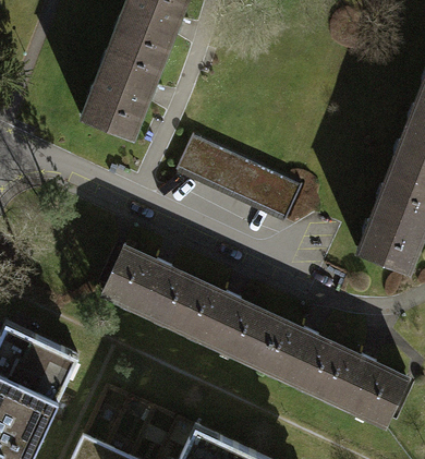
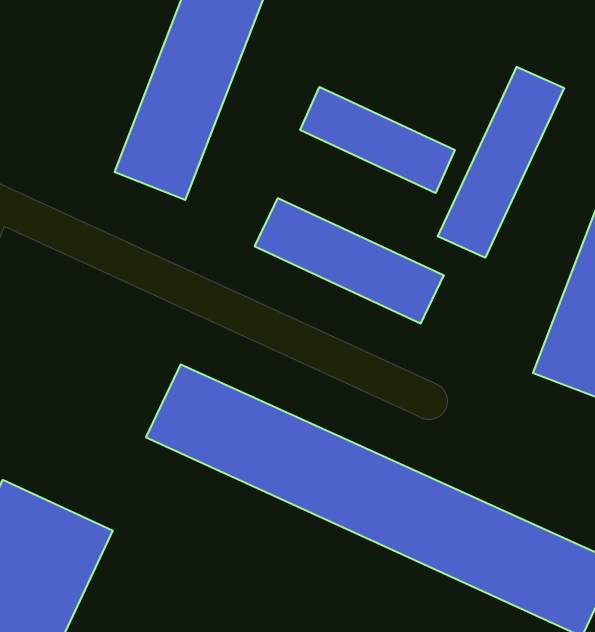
building: none -> [438,67,564,258]
building: none -> [300,87,455,193]

